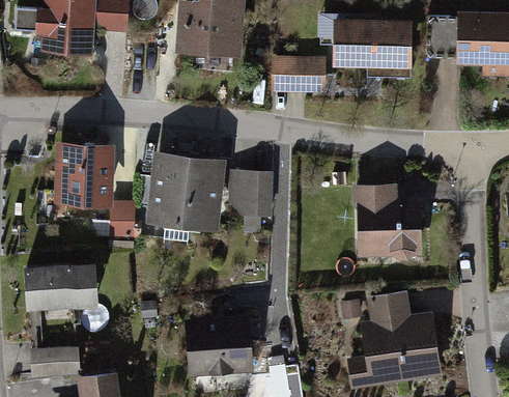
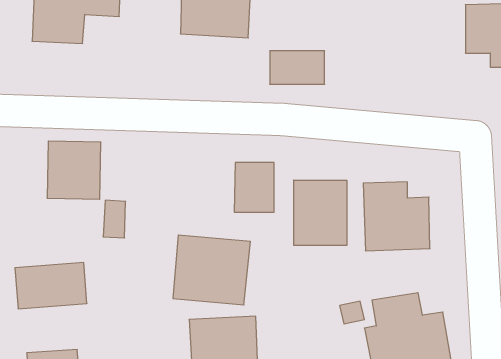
building: [329,19,404,77] -> none
building: [146,160,221,227] -> [173,235,250,305]
building: none -> [294,180,347,245]

